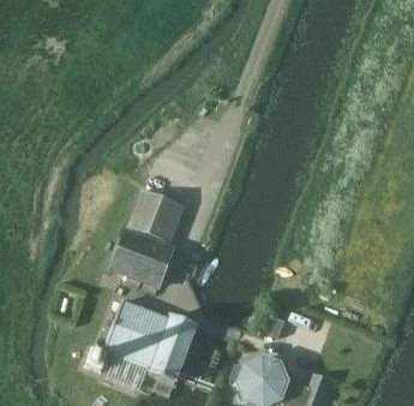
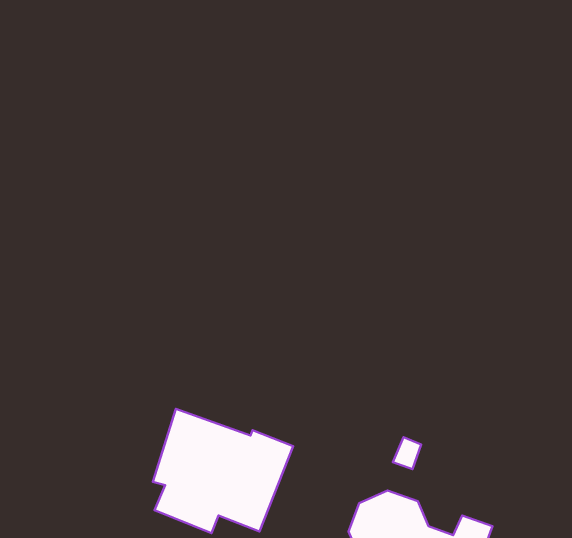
building: [113,192,182,287] -> none

